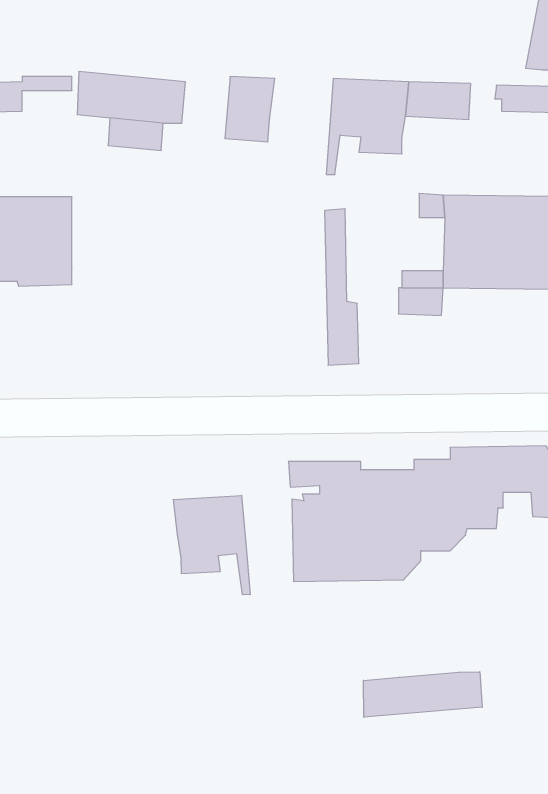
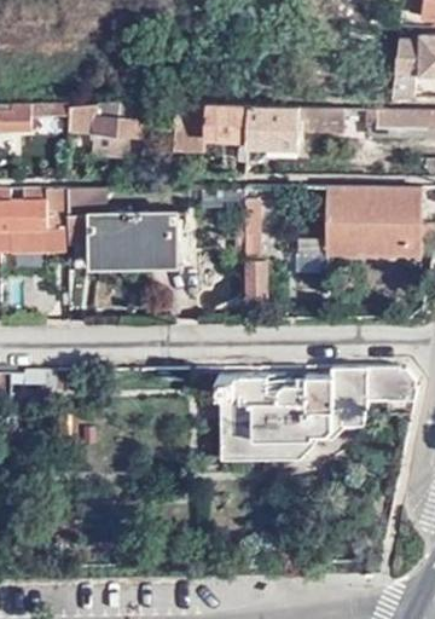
building: none -> [205,106,250,139]
building: none -> [66,186,176,265]
building: [173,495,250,595] -> none
building: [363,672,482,717] -> none

